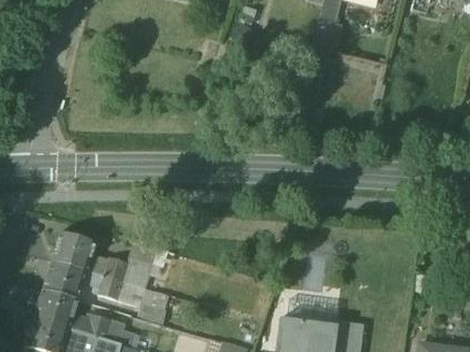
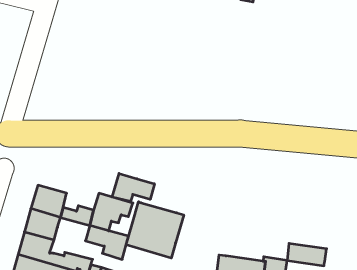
building: none -> [112,173,154,202]
building: none -> [126,202,184,258]
building: [82,273,121,301] -> none
building: [289,299,338,327] -> [287,243,327,266]

